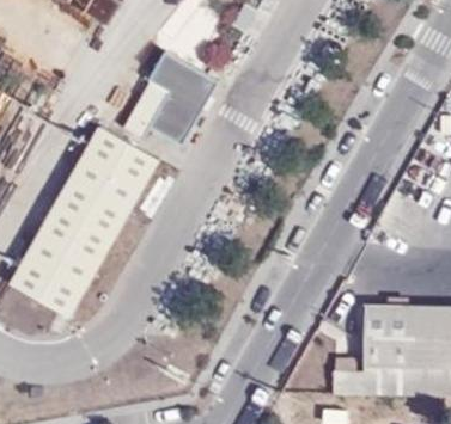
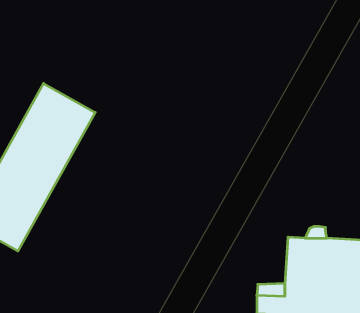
building: [123,54,219,147] -> none

